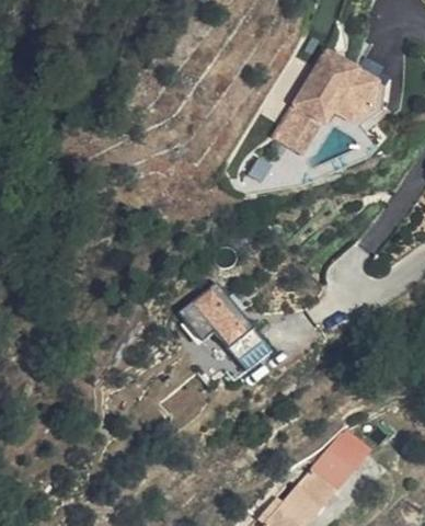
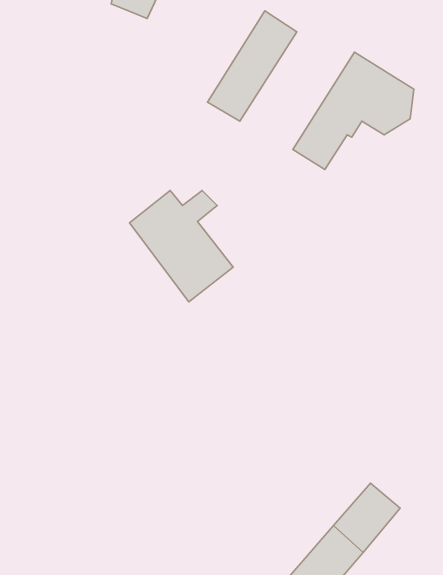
building: none -> [207,11,297,121]
building: [177,284,269,382] -> [129,191,233,302]

